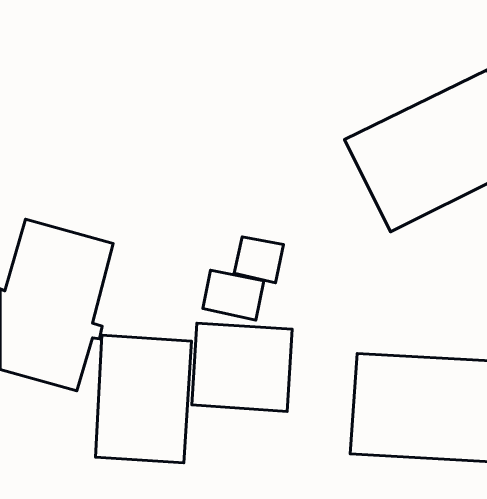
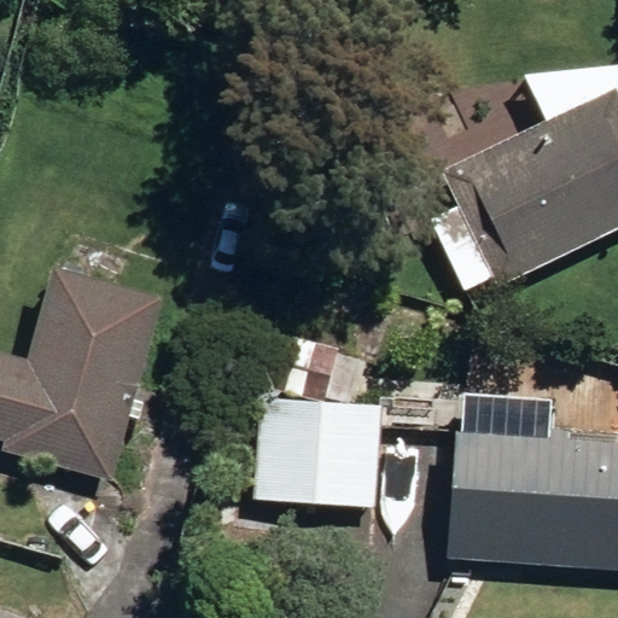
building: [95,335,191,463] -> none

